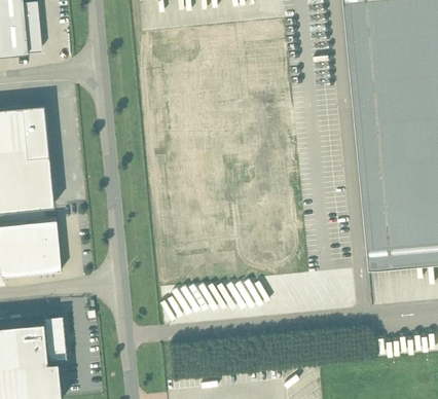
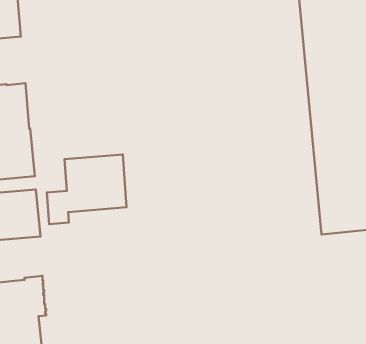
building: none -> [47,154,127,224]

